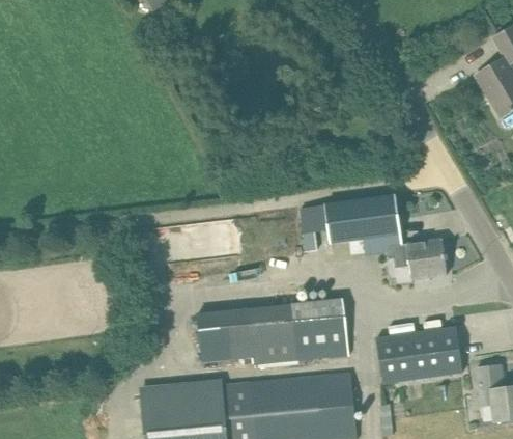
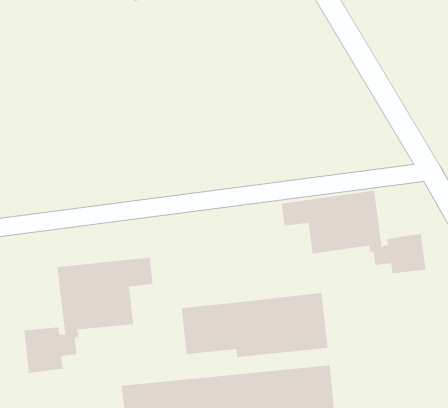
building: none -> [24,257,153,374]
building: [376,327,462,384] -> none

